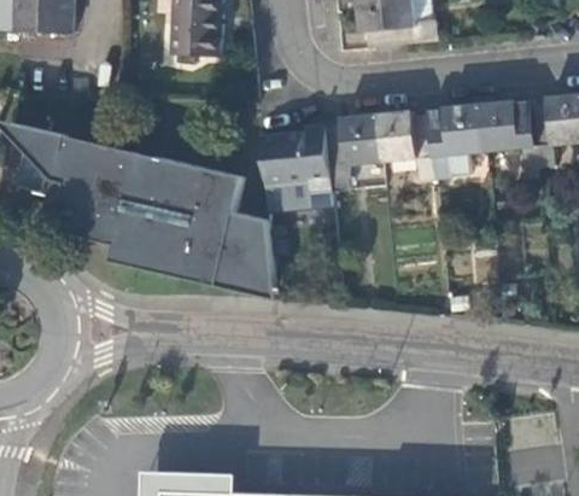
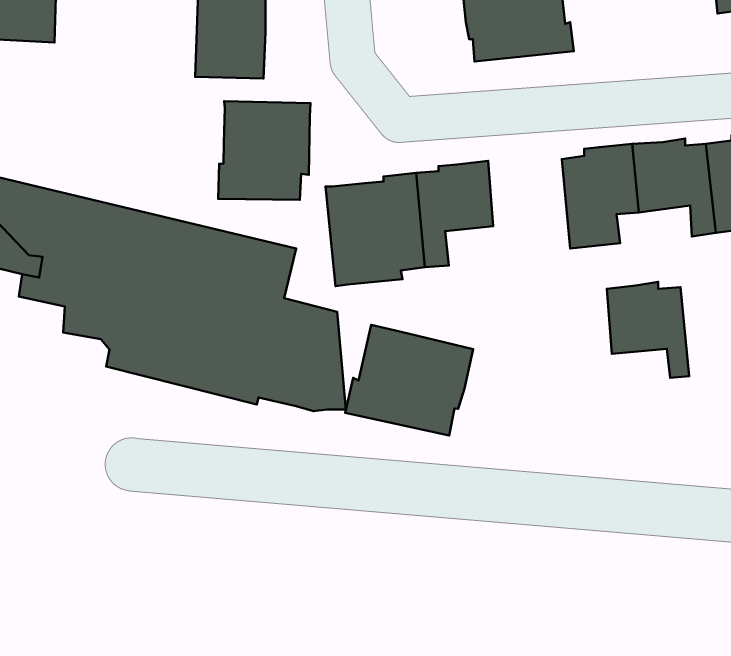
building: none -> [218,101,310,200]
building: [375,111,433,179] -> [607,282,689,378]
building: none -> [345,325,473,435]

